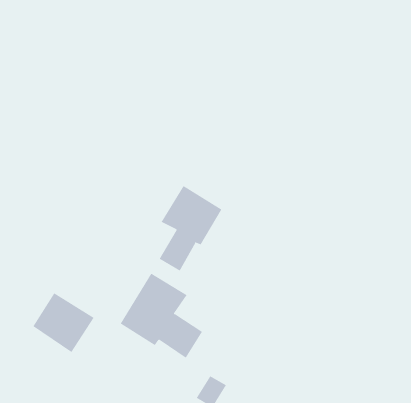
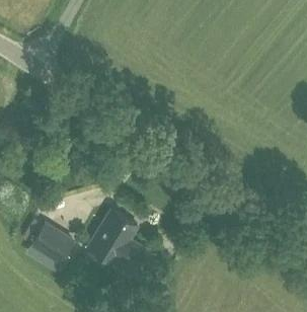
building: [159,185,222,271] -> none

